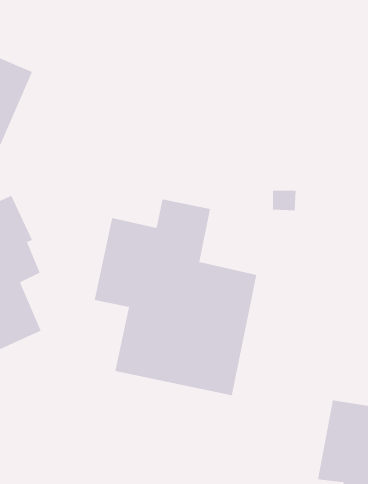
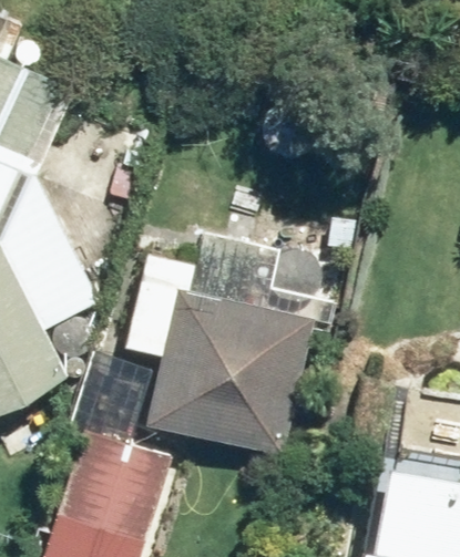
building: none -> [60,431,168,540]

